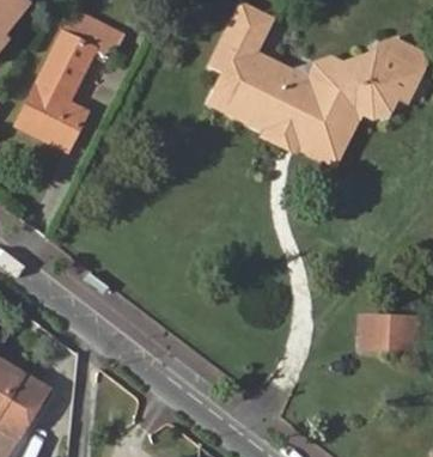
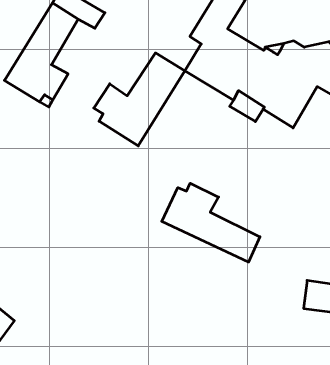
building: none -> [94,53,185,146]
building: none -> [162,183,260,262]

